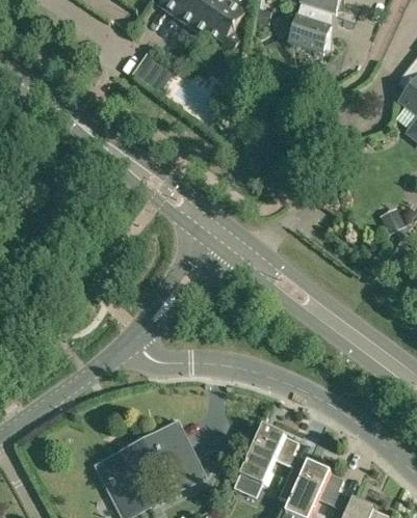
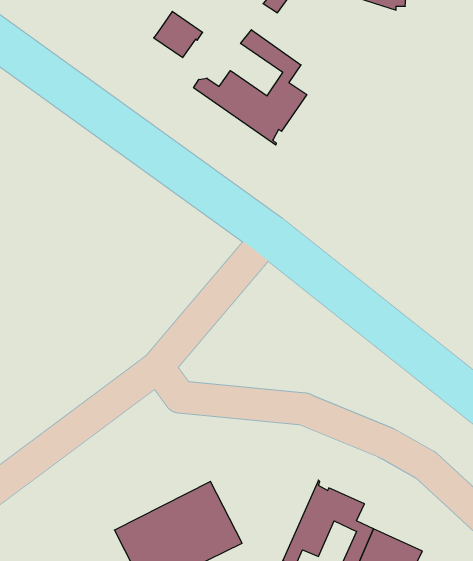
building: none -> [194,30,307,145]

